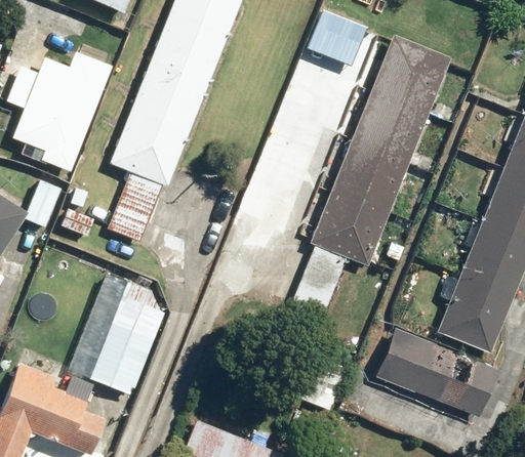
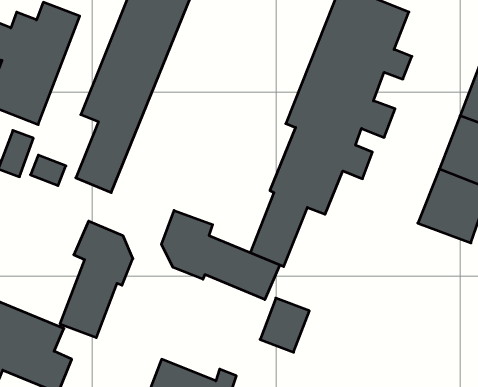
building: none -> [161,210,280,300]
building: [439,278,516,355] -> none
building: [372,325,500,418] -> none

